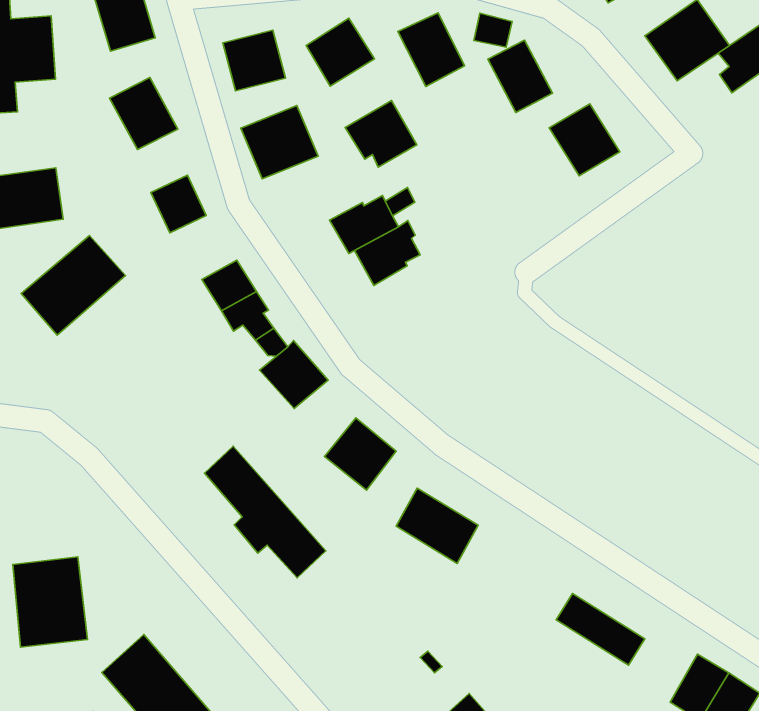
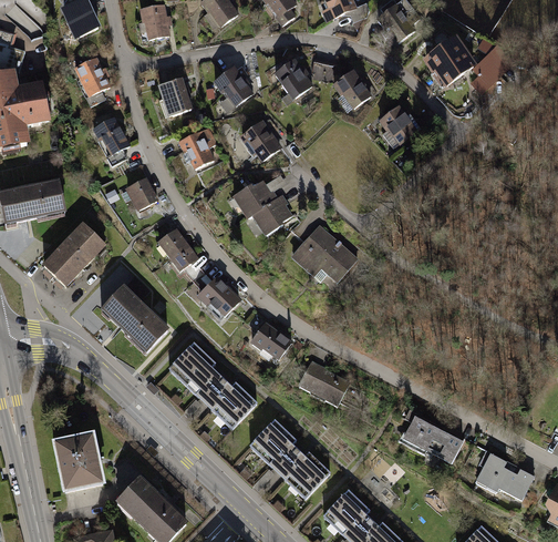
building: none -> [282,224,353,285]
building: none -> [95,280,170,355]
building: none -> [249,422,323,495]

